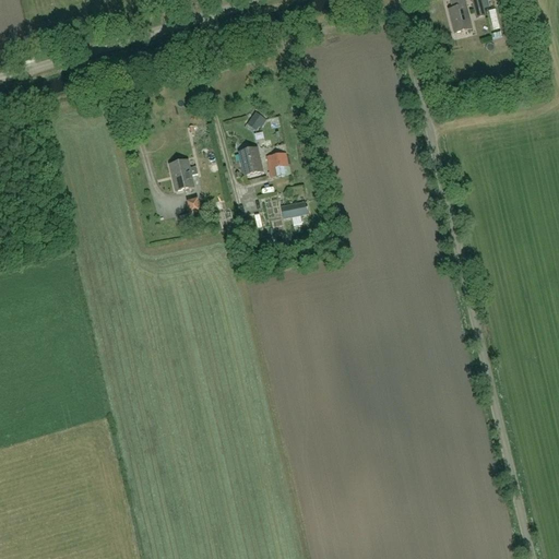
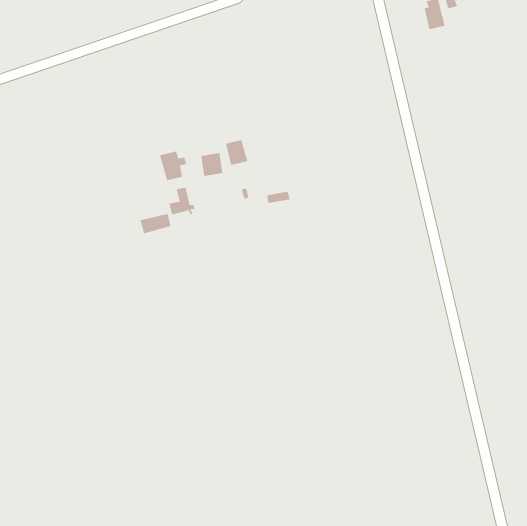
building: [265,152,289,177] -> [200,153,223,176]
building: none -> [140,213,171,234]

